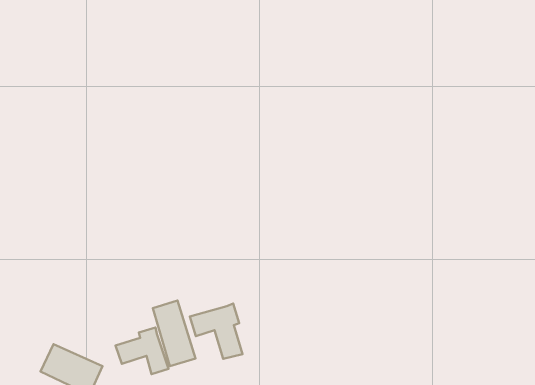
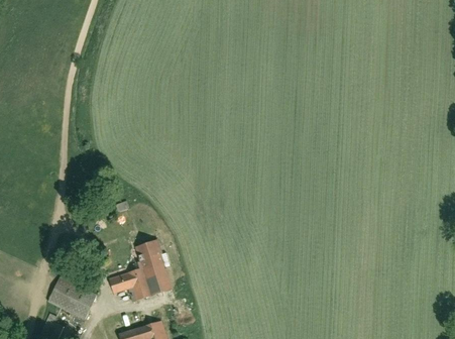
building: [190,304,242,359] -> none

